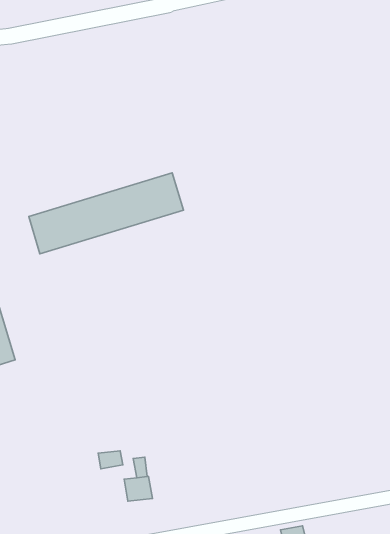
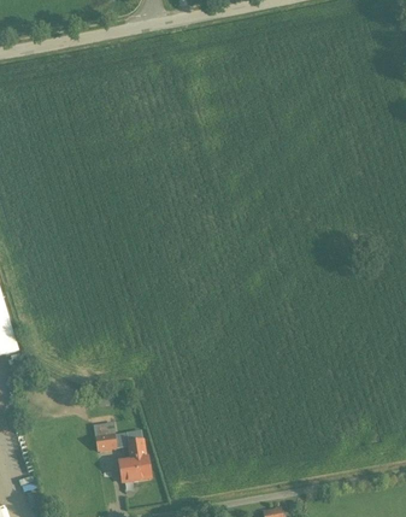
building: [29,173,183,254] -> none

